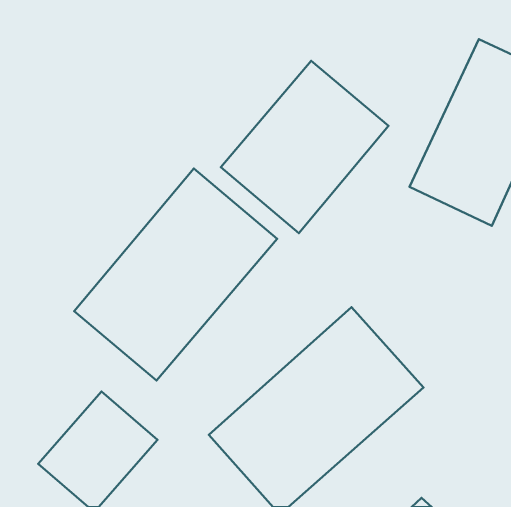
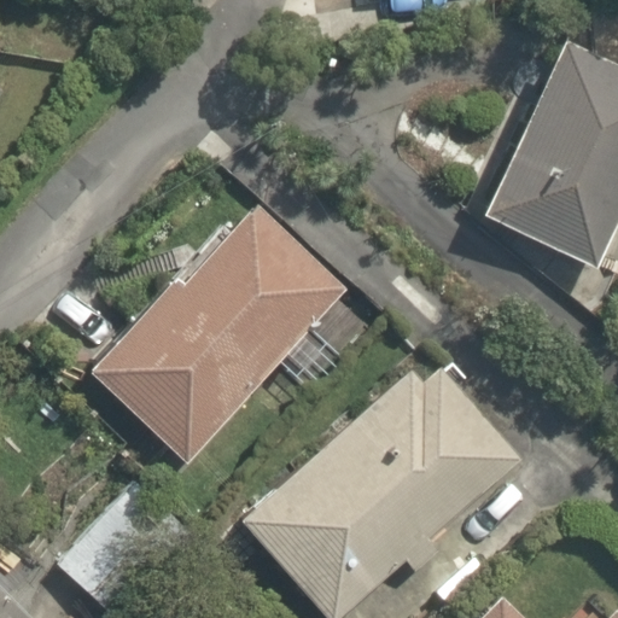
building: [221,61,388,233] -> none

